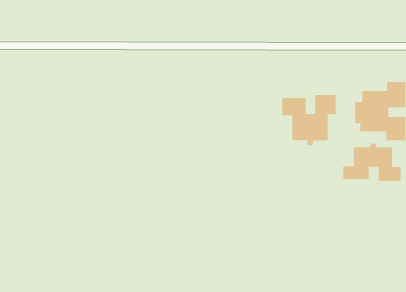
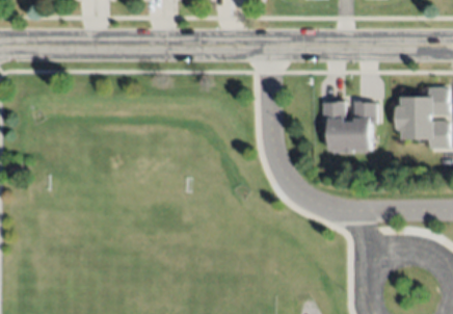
building: [343,143,401,182] -> none

